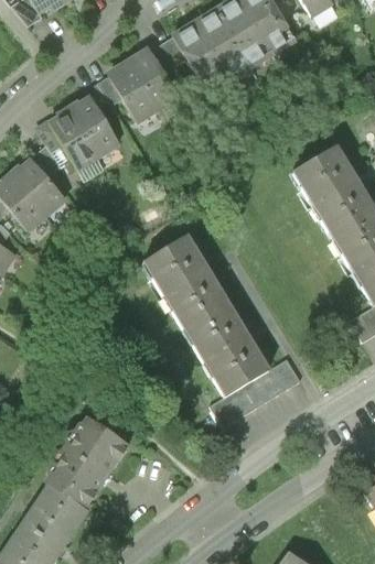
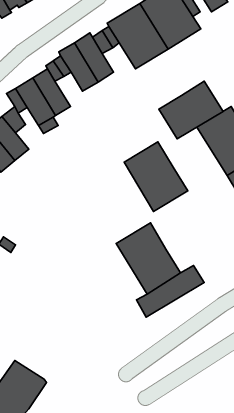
building: none -> [159,81,223,139]
building: [143,235,229,328] -> [124,142,188,211]
building: [43,415,130,511] -> none

